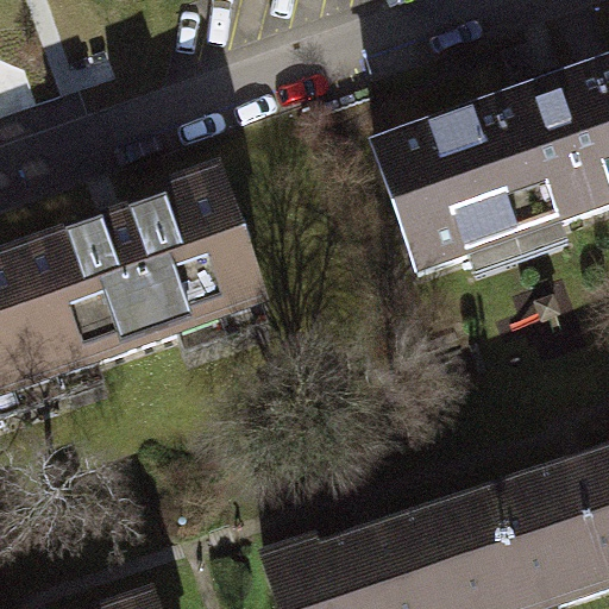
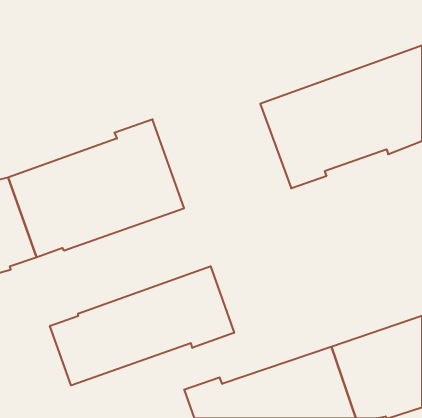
building: none -> [50,266,234,385]

